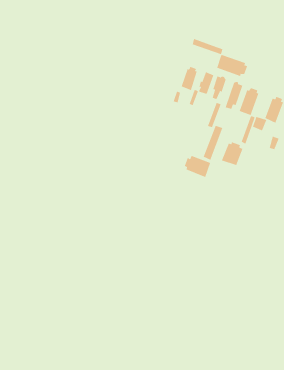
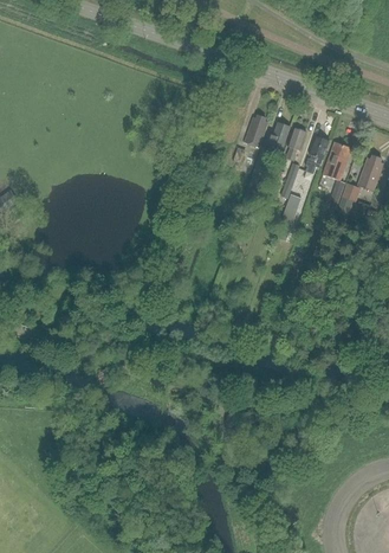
building: [192,38,248,77] -> none
building: [221,141,243,166] -> none
building: [184,155,211,178] -> none

